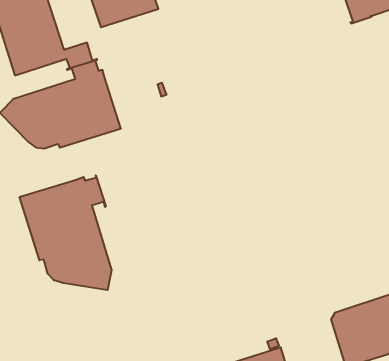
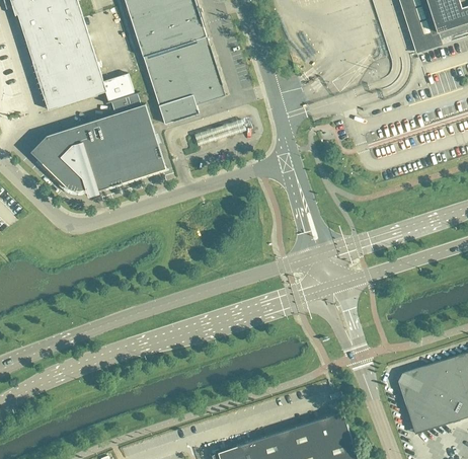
building: none -> [143,35,225,124]
building: [20,175,111,290] -> none

